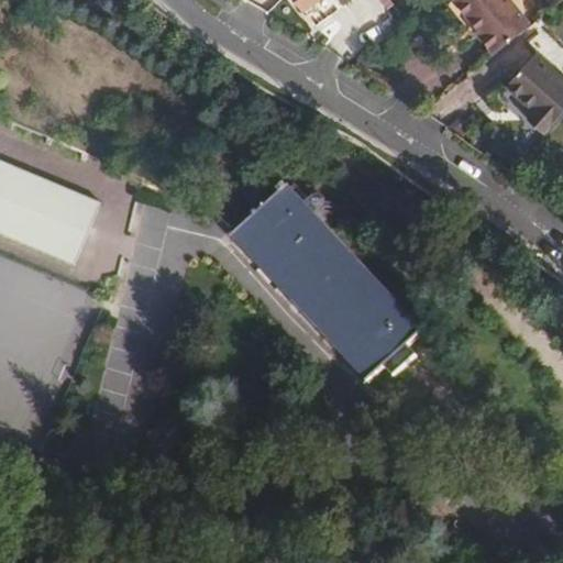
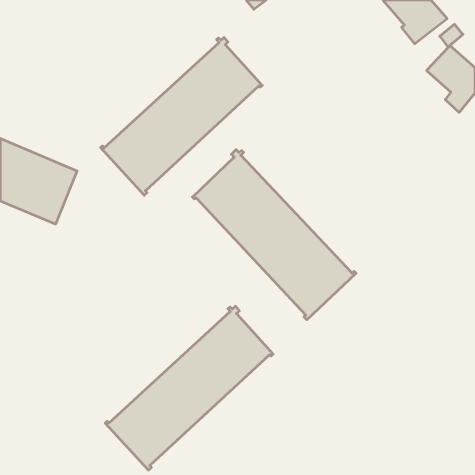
building: none -> [101,37,262,195]
building: none -> [105,306,273,470]

